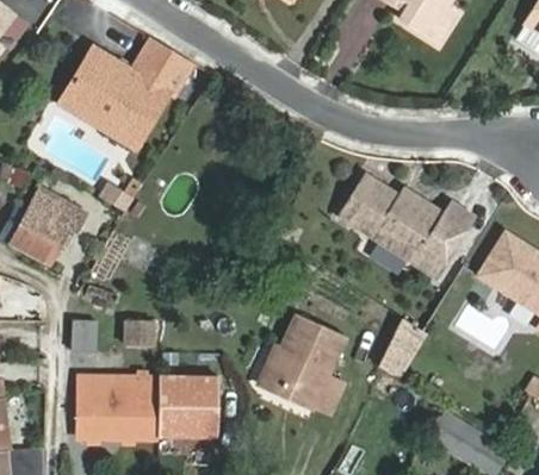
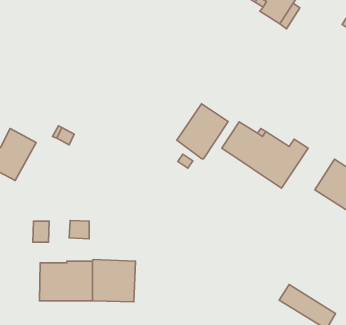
building: [67,38,193,149] -> none
building: none -> [177,104,228,159]
building: [267,315,345,413] -> none
building: [377,318,423,380] -> none

